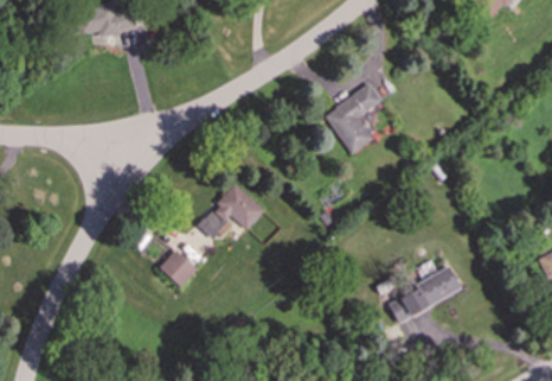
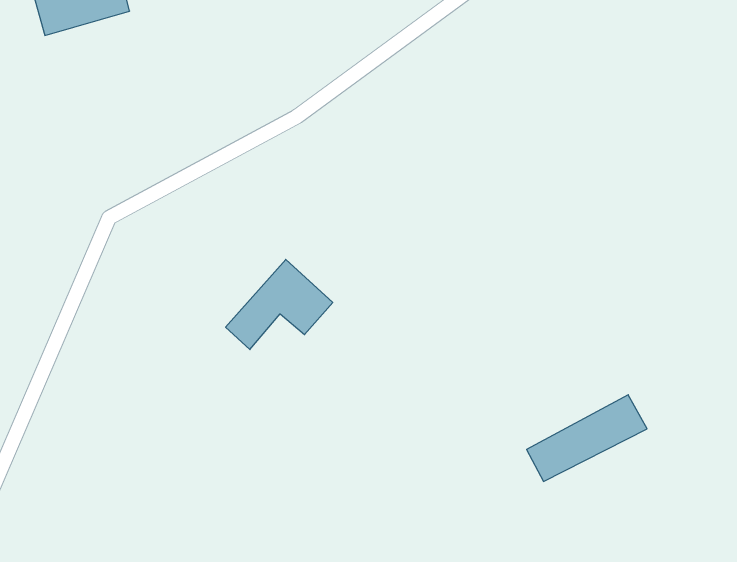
building: [325,84,381,154] -> none
building: [159,249,197,287] -> none

